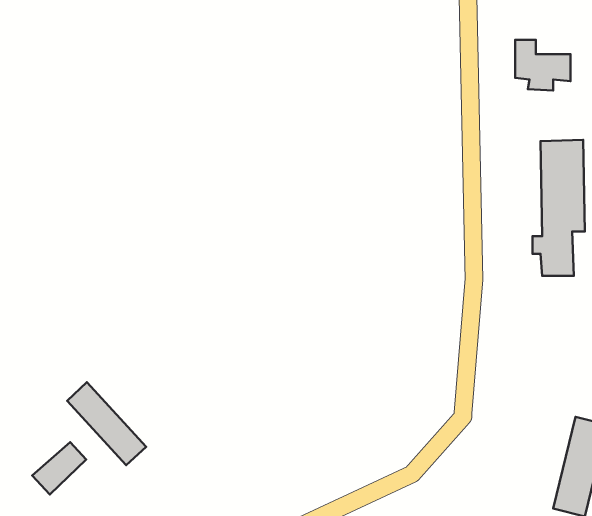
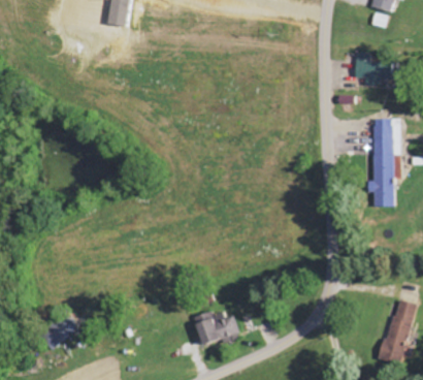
building: [67,382,146,465] -> none
building: none -> [195,312,237,343]

